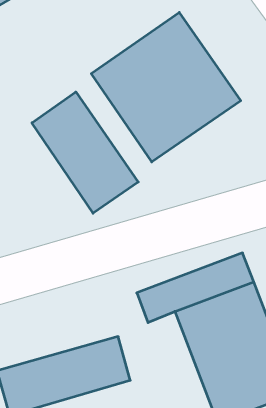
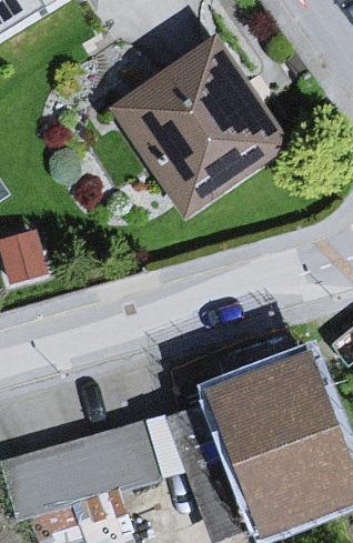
building: [32,92,138,213] -> none

